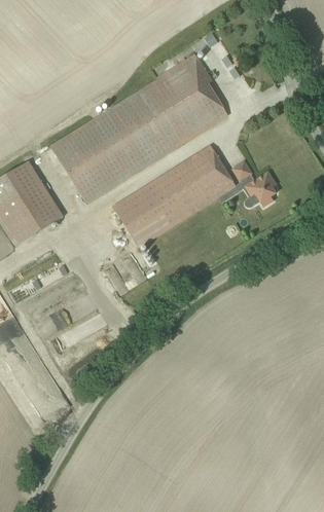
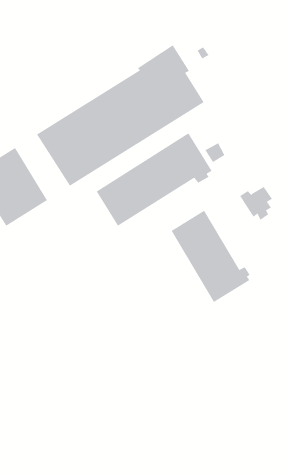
building: [240,168,275,204] -> [240,186,273,220]
building: none -> [171,210,251,303]

